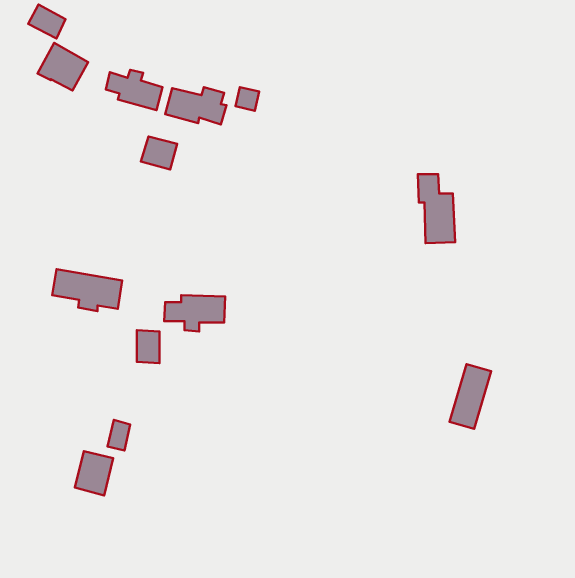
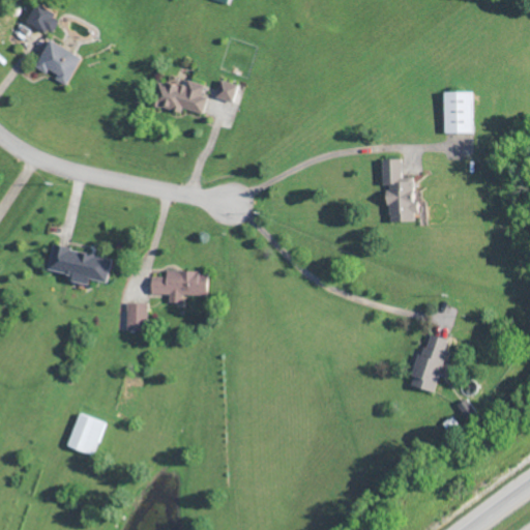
building: [106,70,163,110] -> none
building: none -> [444,92,472,134]
building: [141,136,177,170] -> none
building: [107,420,130,451] -> none

